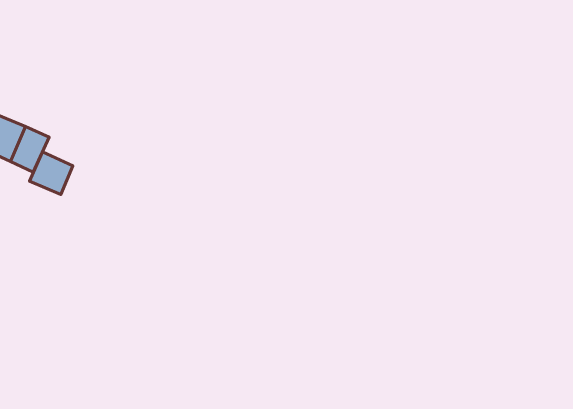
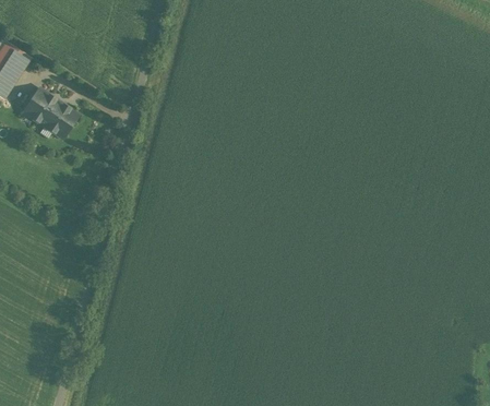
building: [29,152,73,194] -> none

